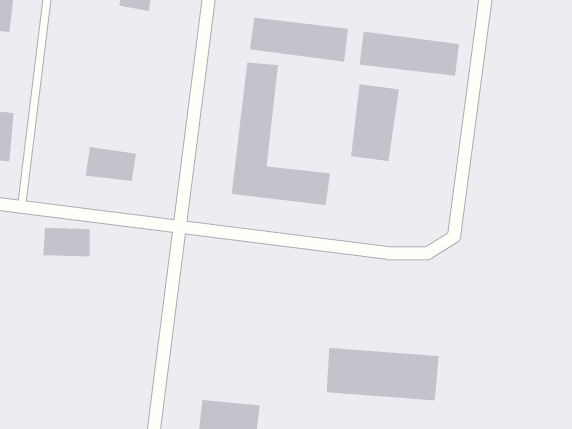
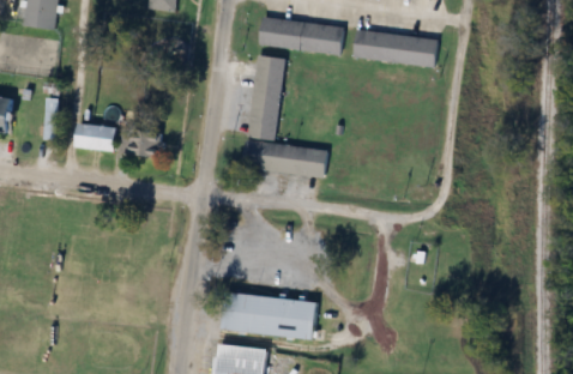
building: [350,84,399,162] -> none
building: [43,227,90,257] -> [76,125,116,150]
building: [326,347,440,401] -> [221,292,318,338]

